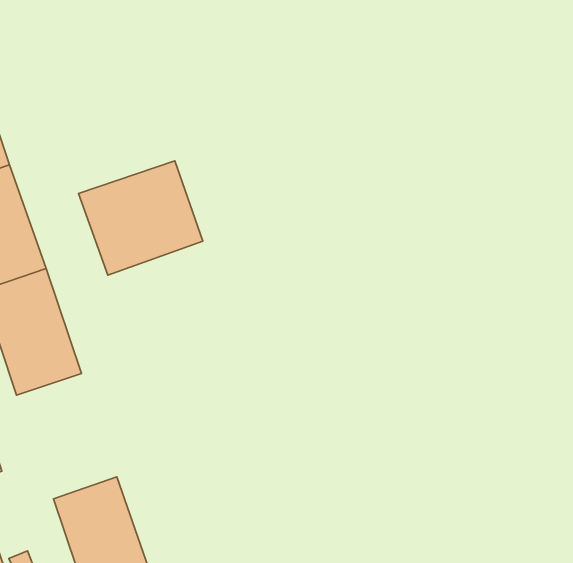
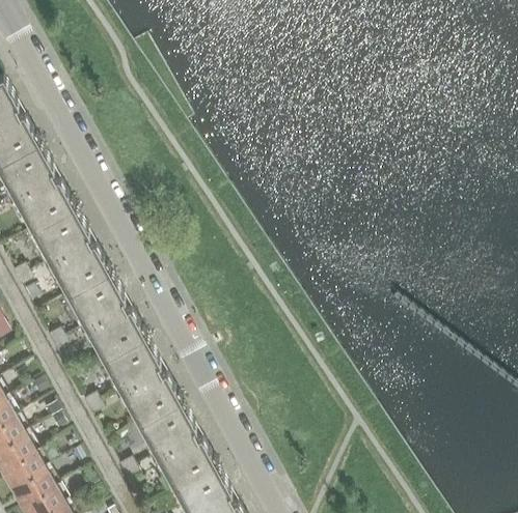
building: [79,161,203,275] -> none
building: none -> [100,334,175,420]

